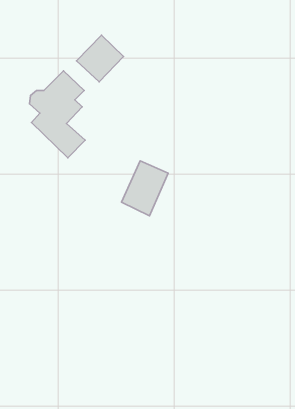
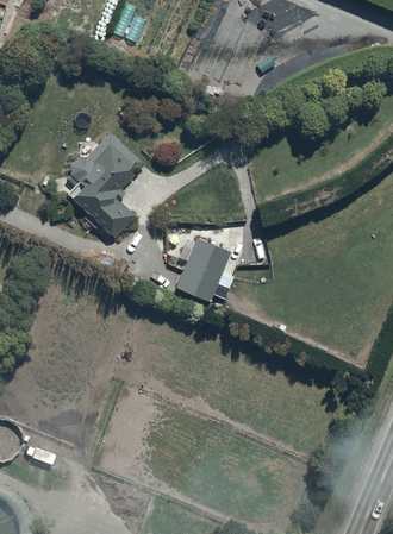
building: [76,35,124,82] -> none

